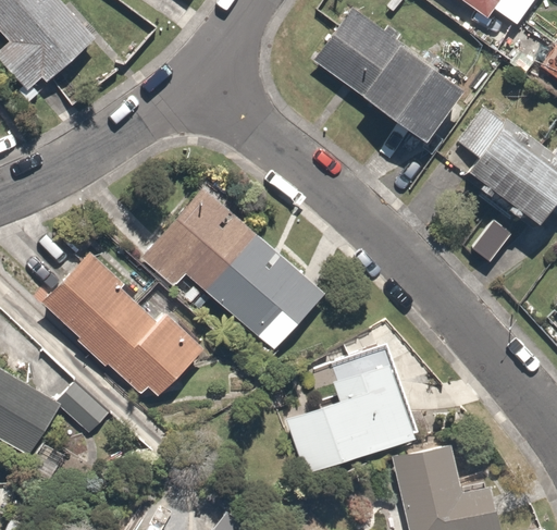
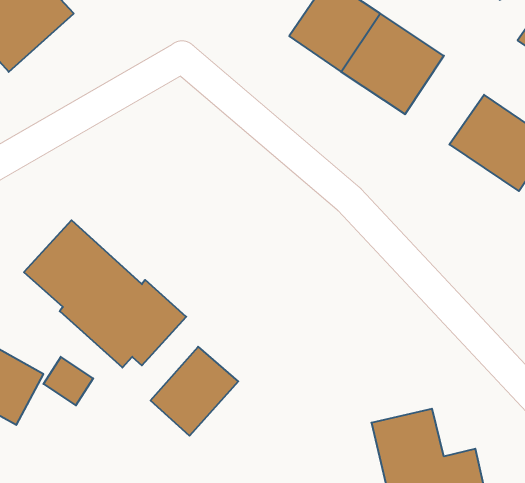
building: [143,189,325,350] -> none
building: [283,358,419,474] -> none
building: none -> [151,347,238,436]

